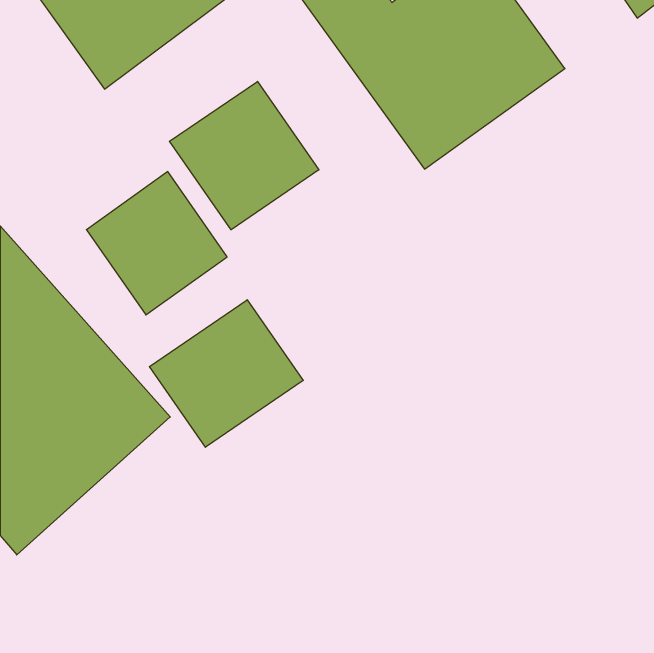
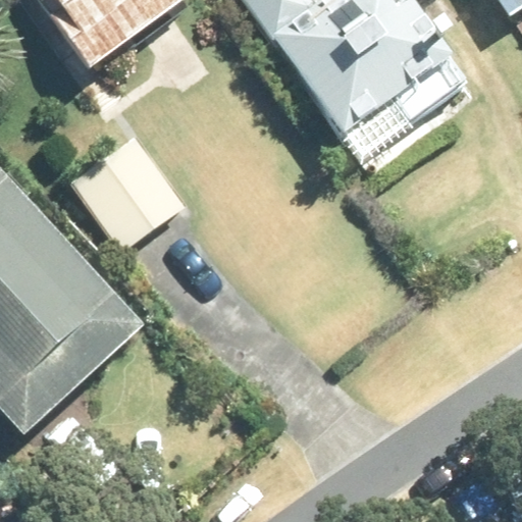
building: [169,81,319,230] -> none
building: [149,300,303,447] -> none

